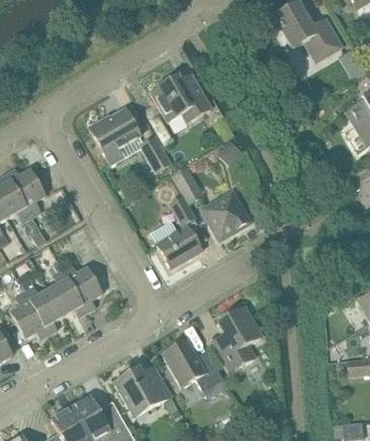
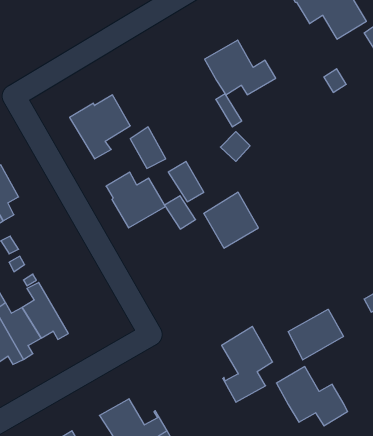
building: [150,75,210,121] -> [205,40,276,95]
building: [151,221,201,268] -> [106,172,165,228]
building: [62,263,102,312] -> none
building: none -> [288,309,343,360]
building: [162,339,222,389] -> [276,367,348,426]

